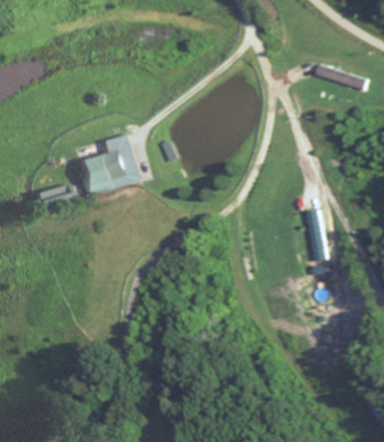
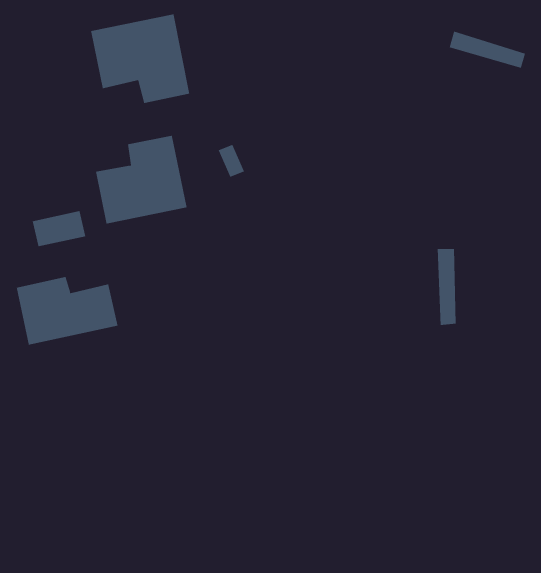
building: none -> [90,13,190,104]
building: none -> [16,276,118,346]

